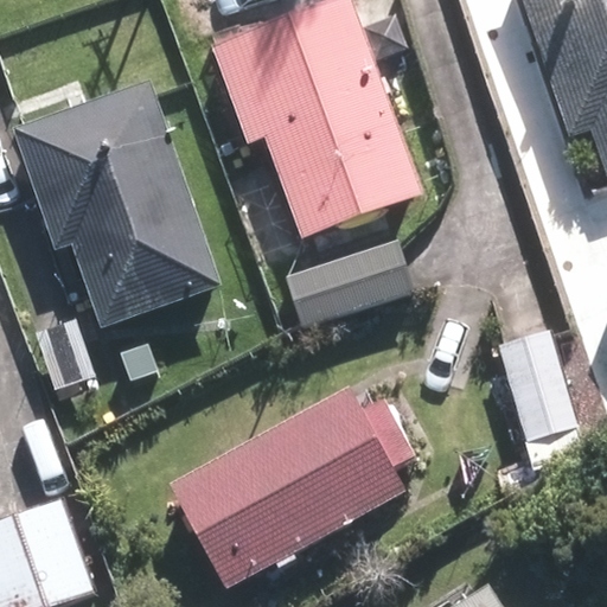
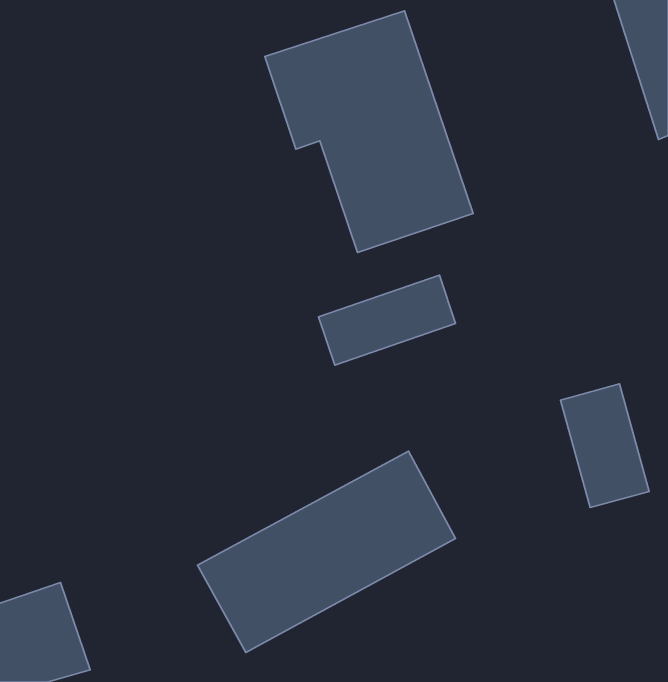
building: [33,96,219,319] -> none

